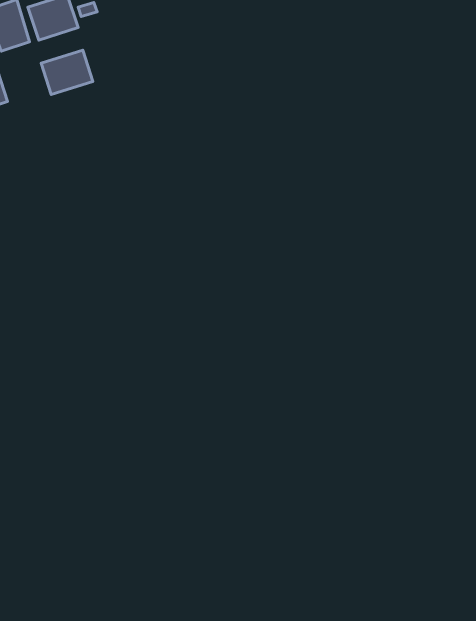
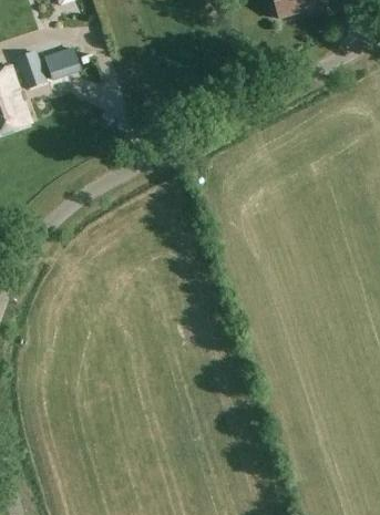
building: [41,50,93,94] -> none

